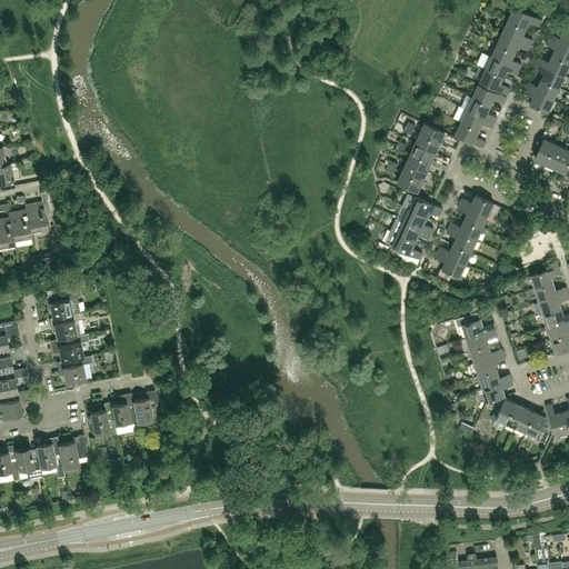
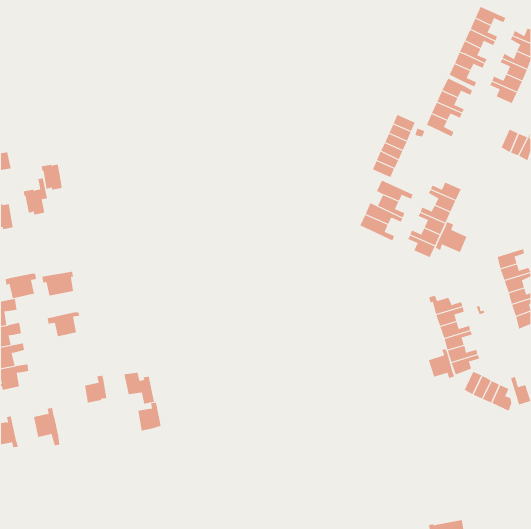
building: [8,212,31,240] -> [41,164,63,190]
building: none -> [436,221,467,253]
building: [49,313,83,341] -> [5,273,37,299]
building: [57,357,91,385] -> none
building: none -> [428,348,455,379]
building: [111,398,137,429] -> [138,402,162,431]
building: [58,437,88,469] -> none
building: [13,449,42,481] -> none

